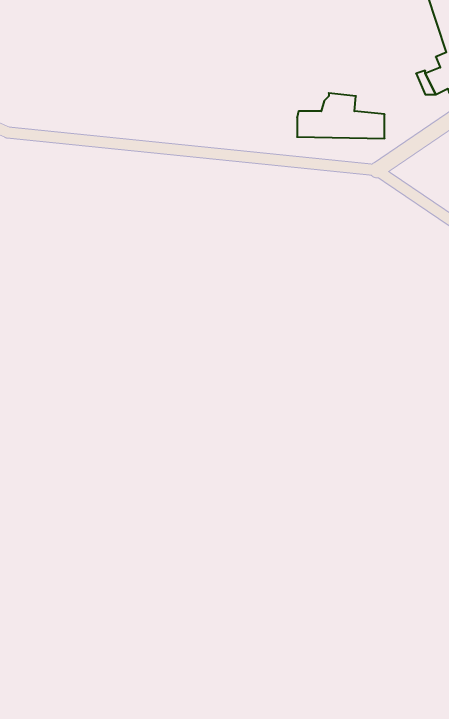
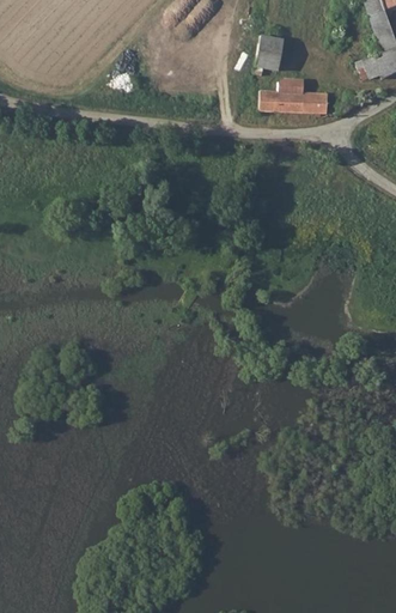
building: none -> [256,35,282,74]

